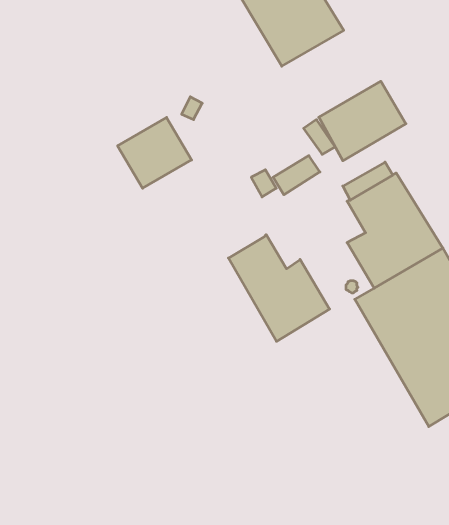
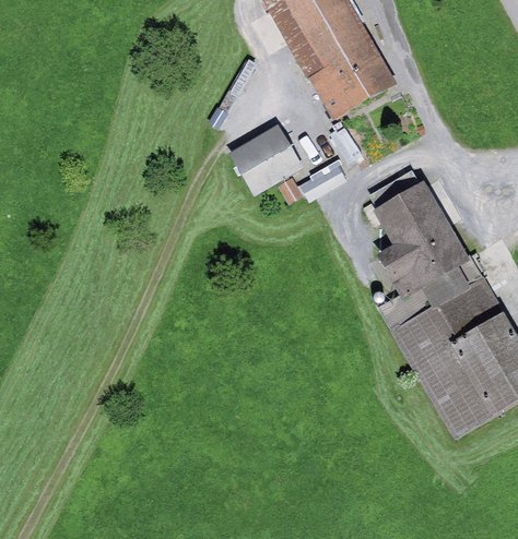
building: [319,81,406,161] -> [309,39,397,119]
building: [118,117,192,188] -> [229,124,304,195]
building: [228,235,330,341] -> none

